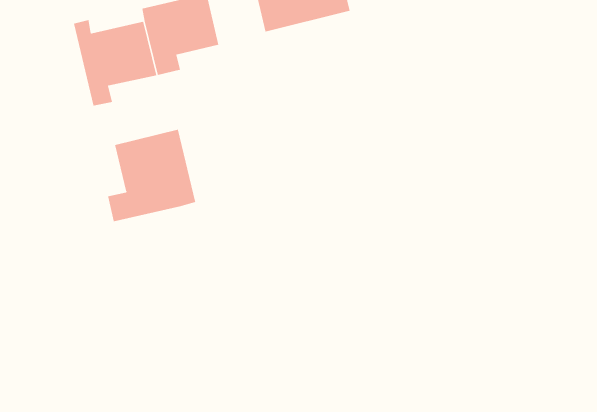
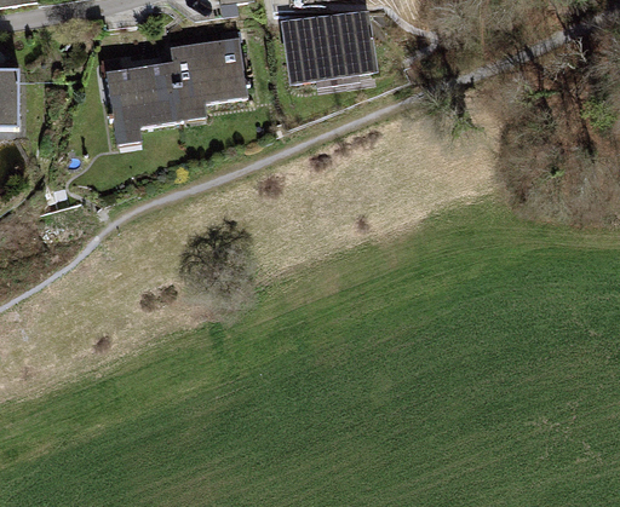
building: [107,129,196,222] -> none

